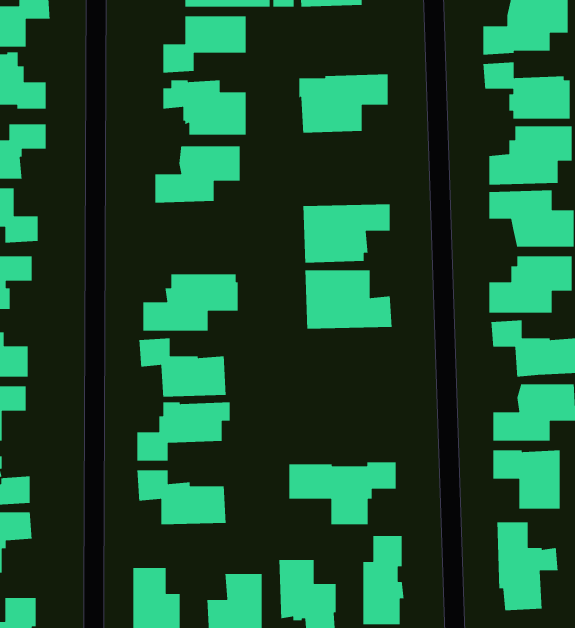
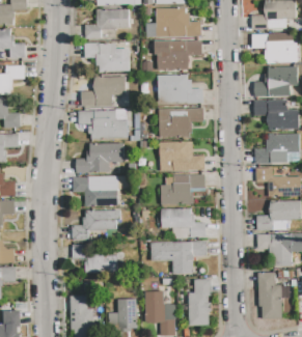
building: none -> [146,8,201,37]
building: none -> [158,75,202,105]
building: none -> [79,109,129,139]
building: none -> [161,174,205,204]
building: none -> [162,208,207,237]

